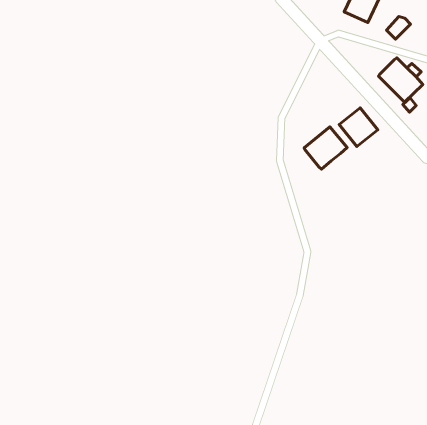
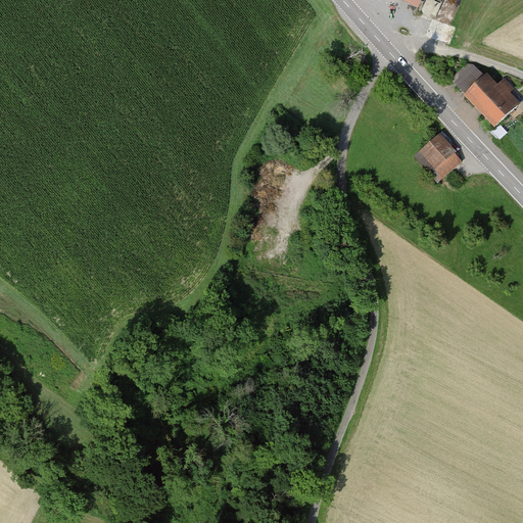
building: [386,17,411,39] -> [453,63,482,91]
building: [304,127,347,169] -> none

